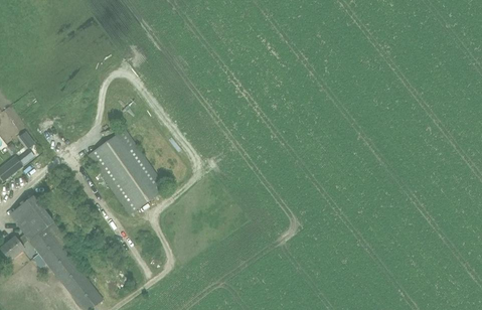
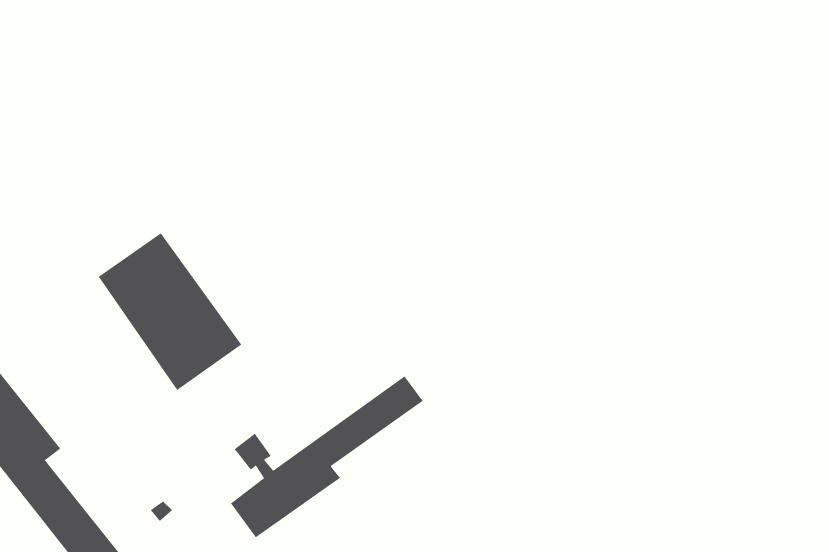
building: none -> [230,376,424,538]

